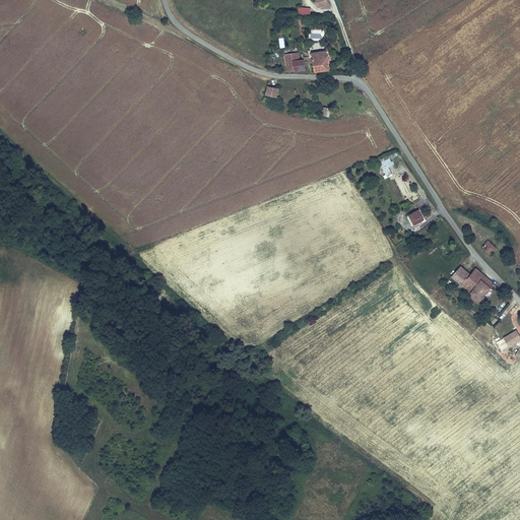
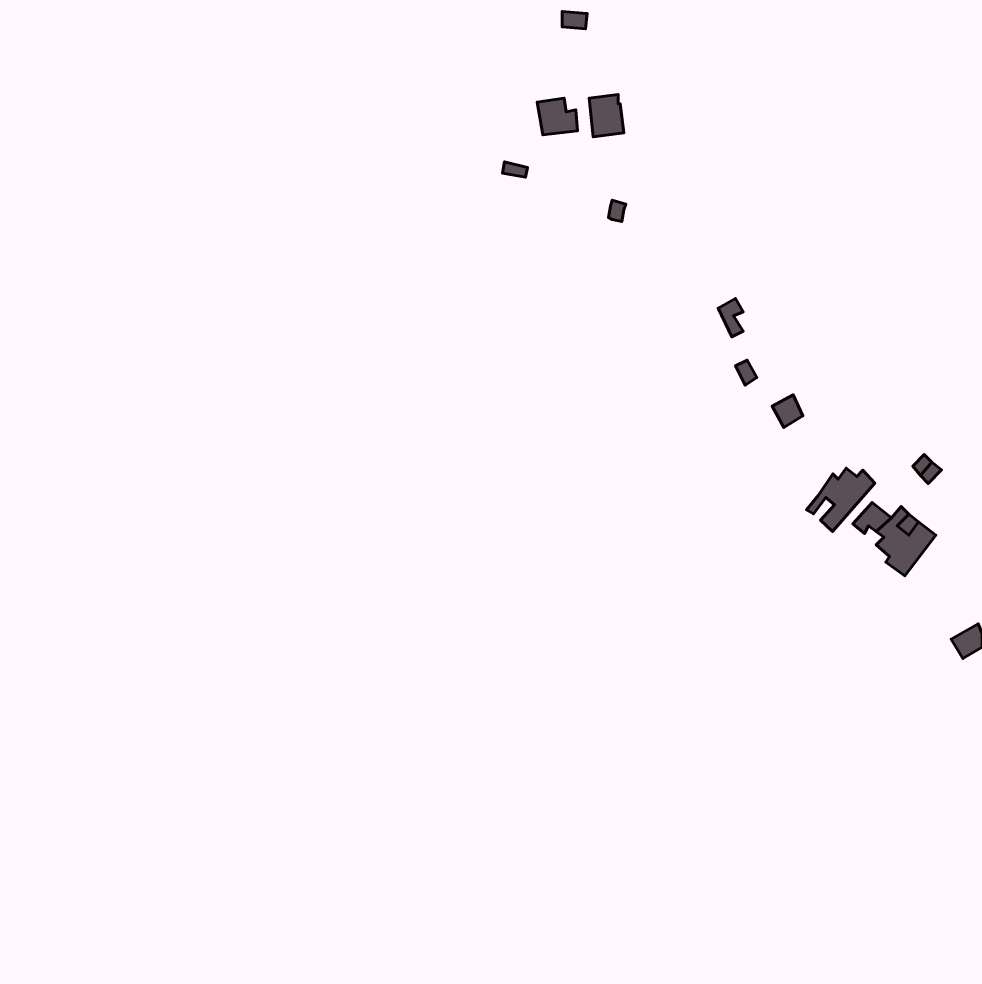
building: none -> [806,468,875,531]

